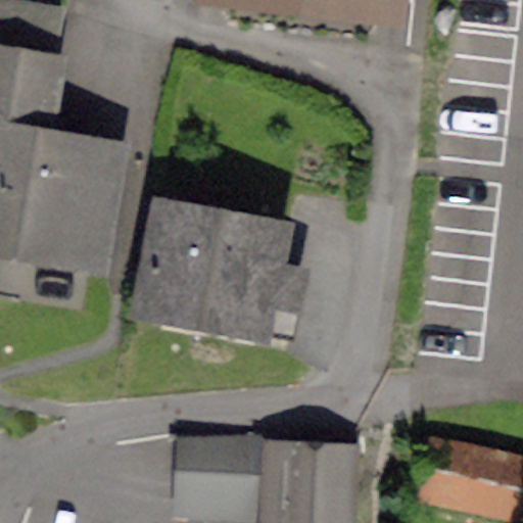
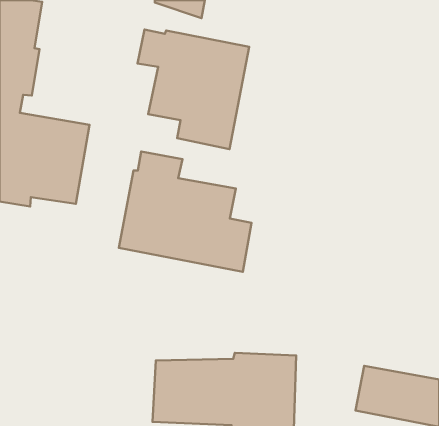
building: none -> [138,30,249,149]

